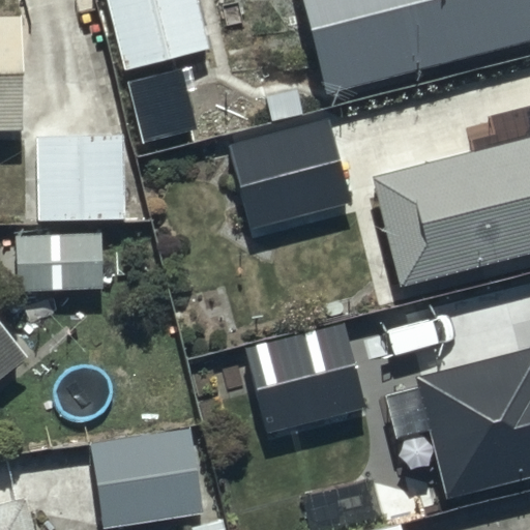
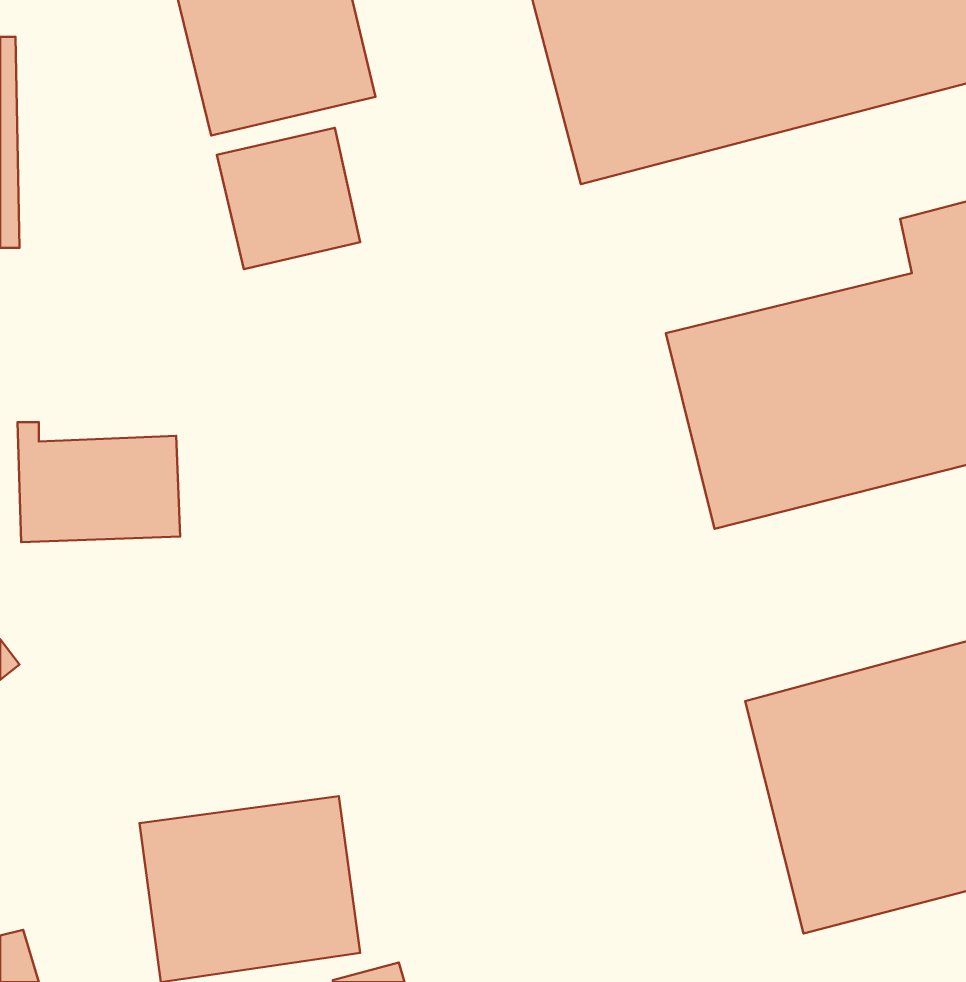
building: [229,119,353,230] -> none
building: [35,137,130,223] -> none
building: [243,322,371,430] -> none

